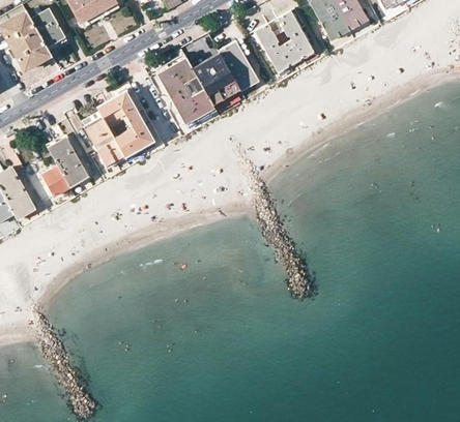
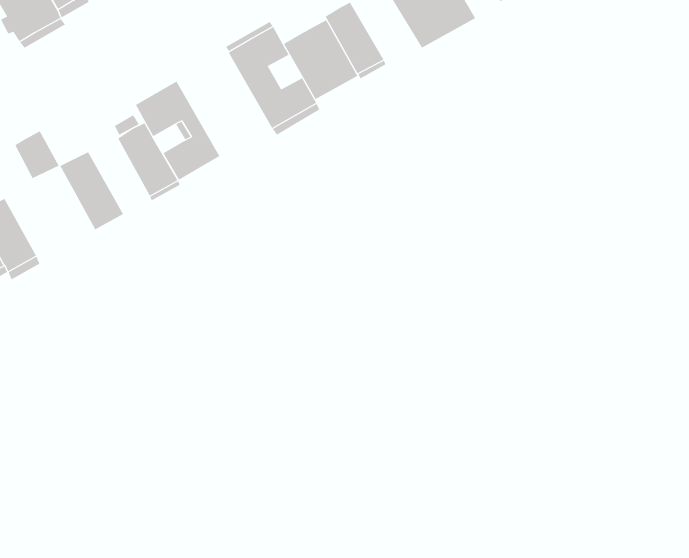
building: [40,165,69,197] -> [14,131,59,179]

